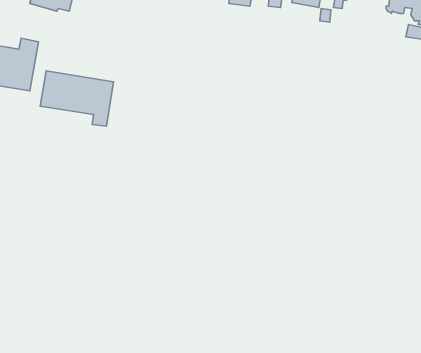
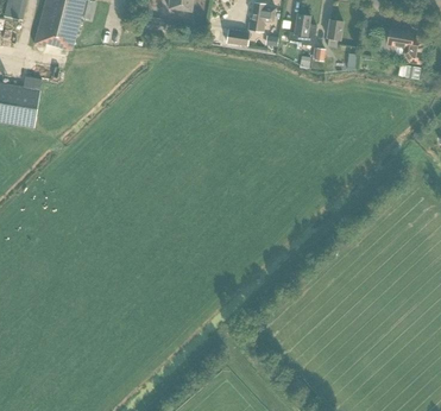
building: [40,71,113,126] -> none

